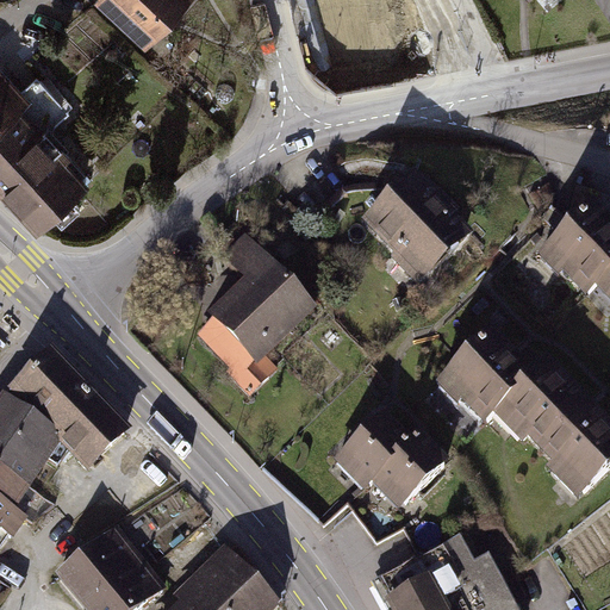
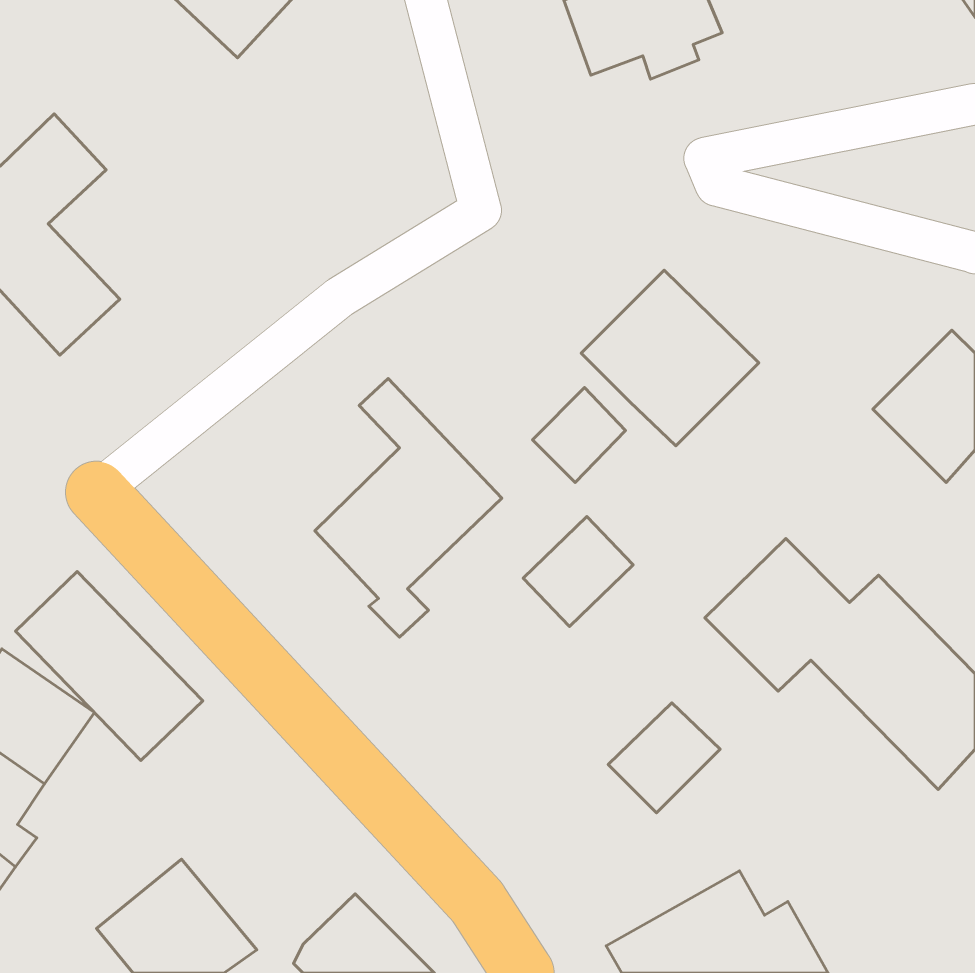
building: none -> [532,388,626,482]
building: [338,412,406,480] -> [523,517,633,627]

